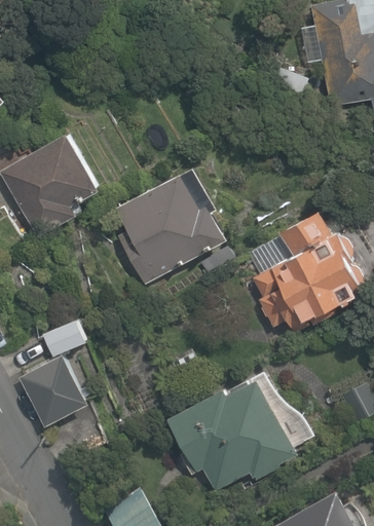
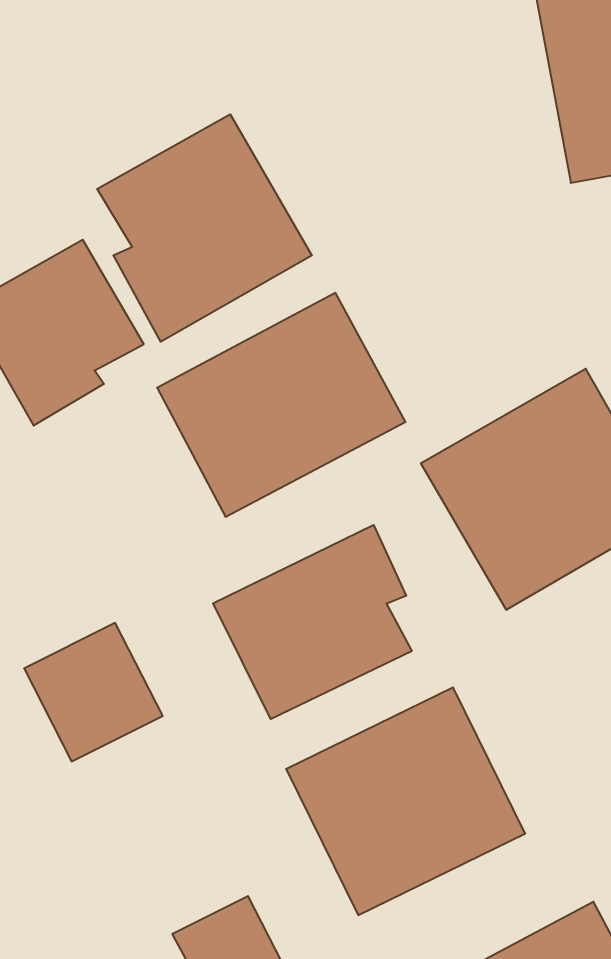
building: none -> [97,114,312,342]
building: none -> [213,525,412,719]

